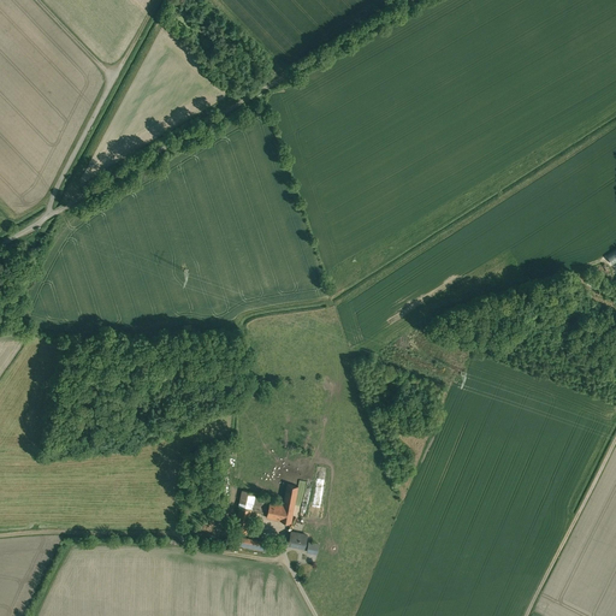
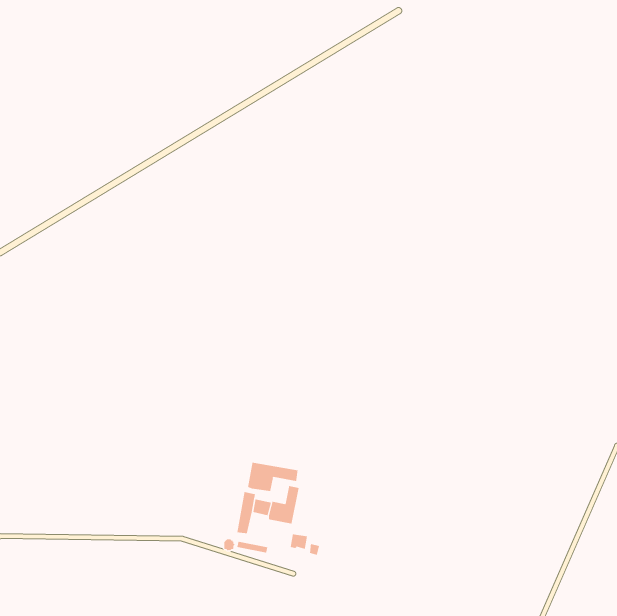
building: none -> [247,462,298,492]

